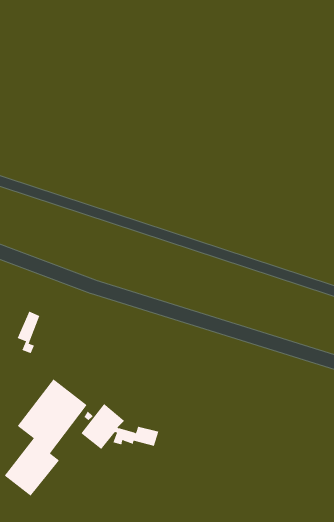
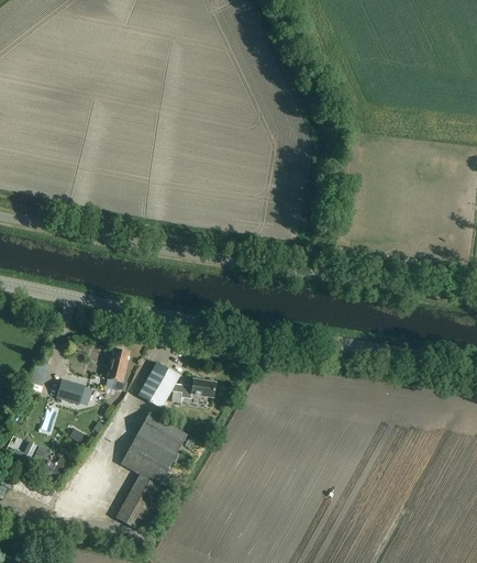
building: [80,403,159,450] -> [137,363,214,409]

